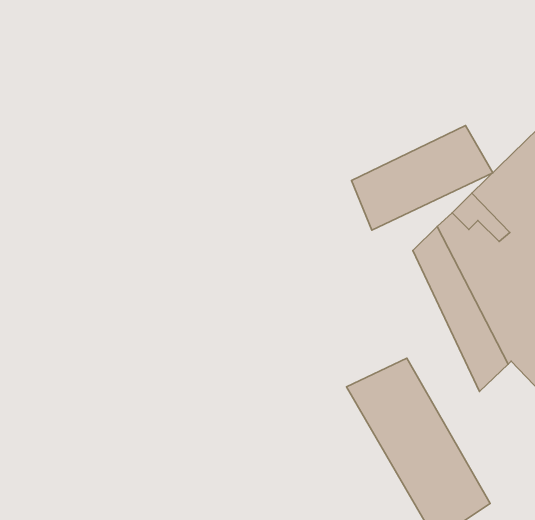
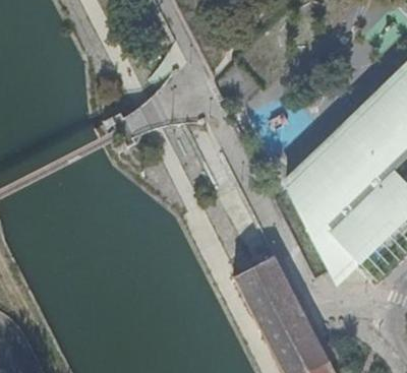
building: [352,125,493,230] -> none

